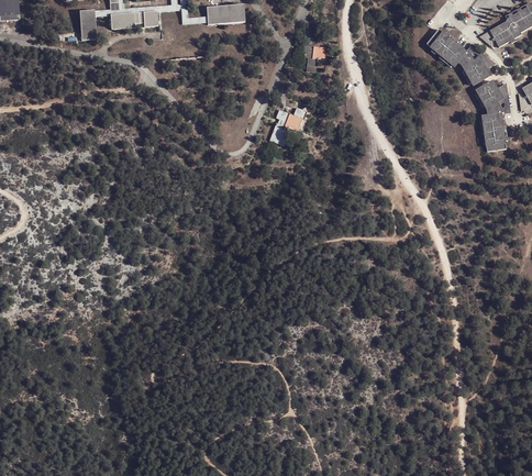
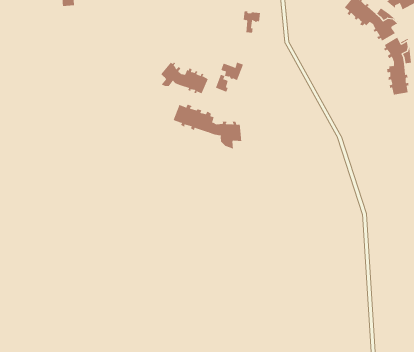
building: none -> [161,61,208,94]
building: none -> [173,104,242,150]

